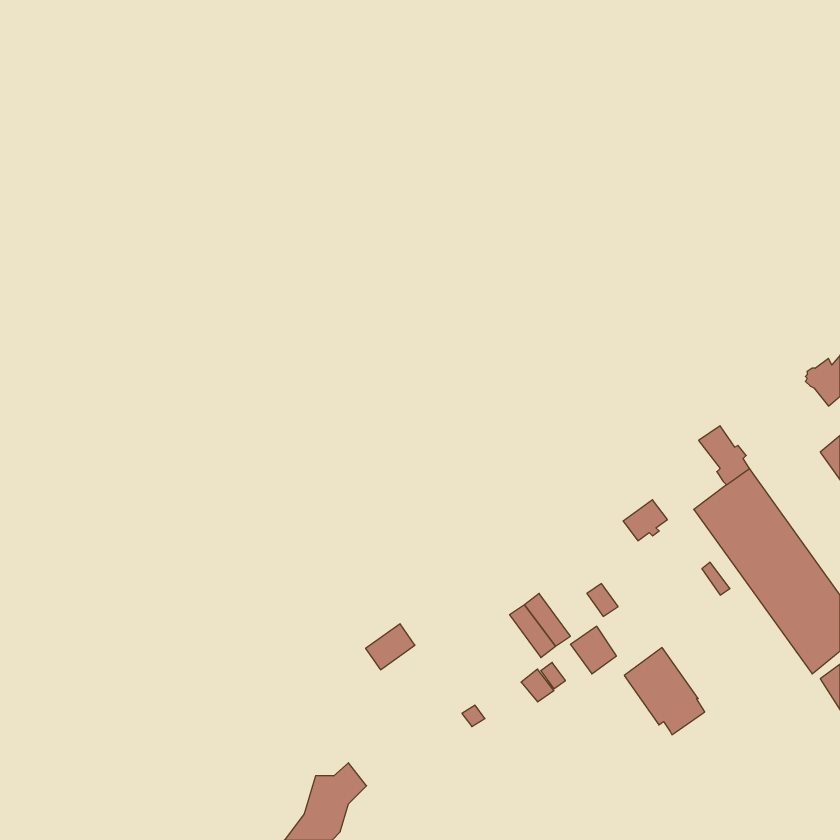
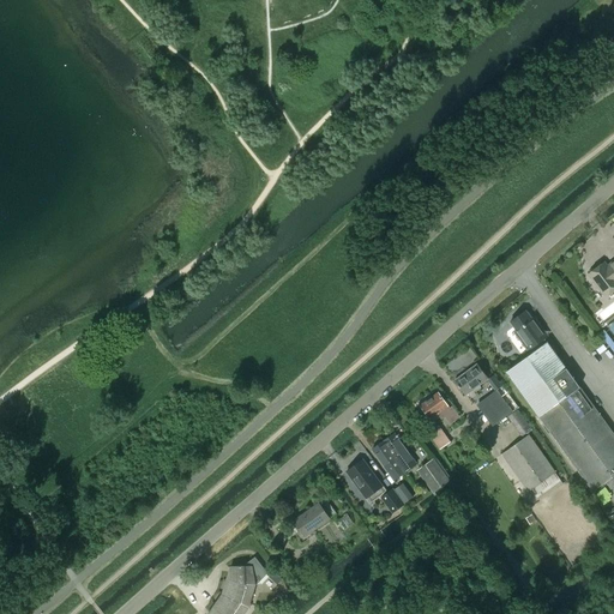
building: none -> [476,385,517,425]
building: none -> [420,392,459,423]
building: [366,624,415,670] -> [294,502,330,536]
building: none -> [347,459,385,502]
building: [624,648,705,735] -> [501,434,560,498]

